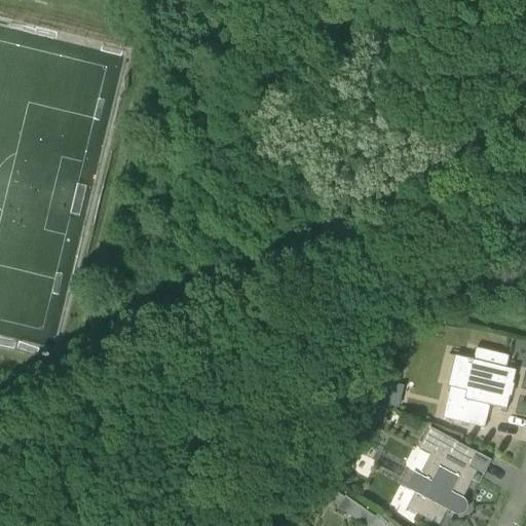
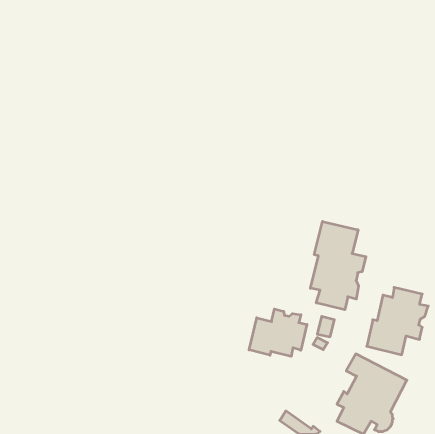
building: none -> [310,221,366,310]
building: none -> [249,309,307,356]

